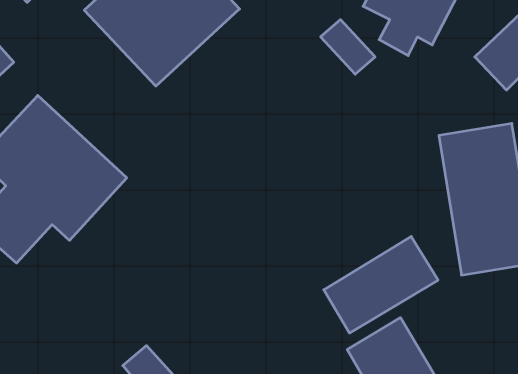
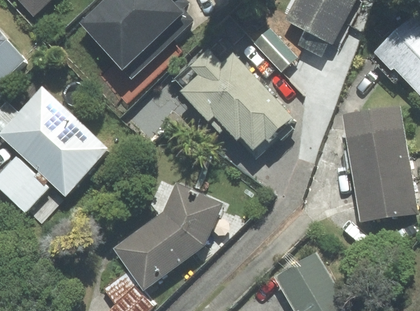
building: none -> [182,50,290,150]
building: none -> [113,184,221,289]
building: [324,236,438,333] -> none

